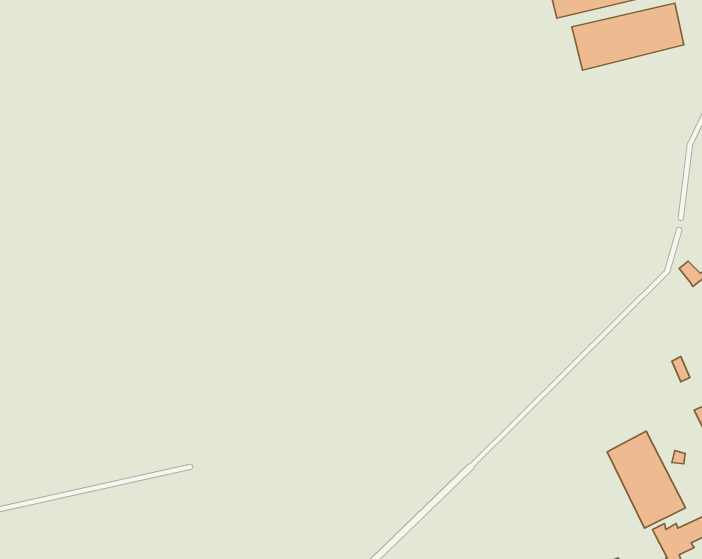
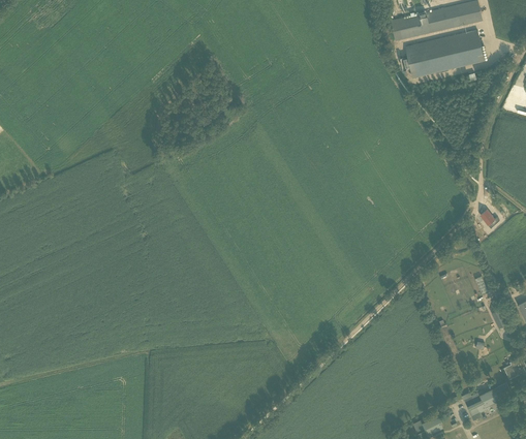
building: [607,431,686,528] -> none

